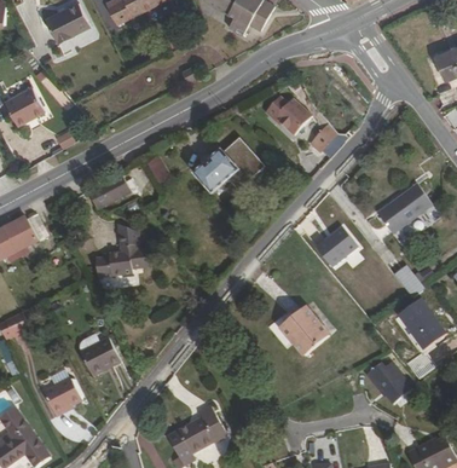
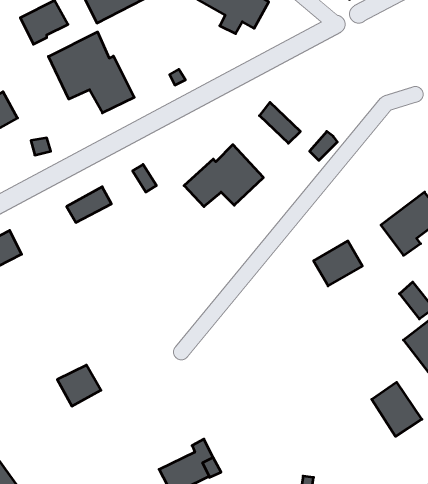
building: none -> [48,32,134,113]
building: [96,225,149,276] -> none
building: [282,308,331,359] -> none
building: [41,377,79,415] -> none

